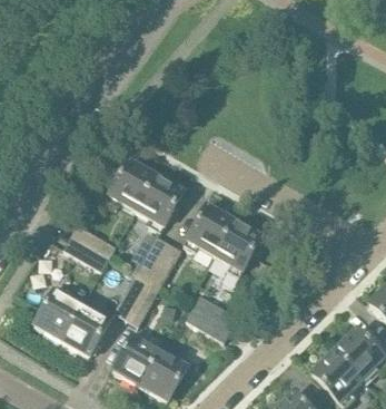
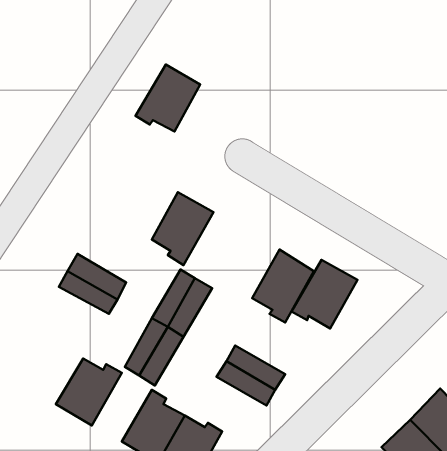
building: [103,158,154,211] -> [136,64,200,132]
building: [181,203,232,256] -> [291,260,357,329]
building: [31,283,80,339] -> none

